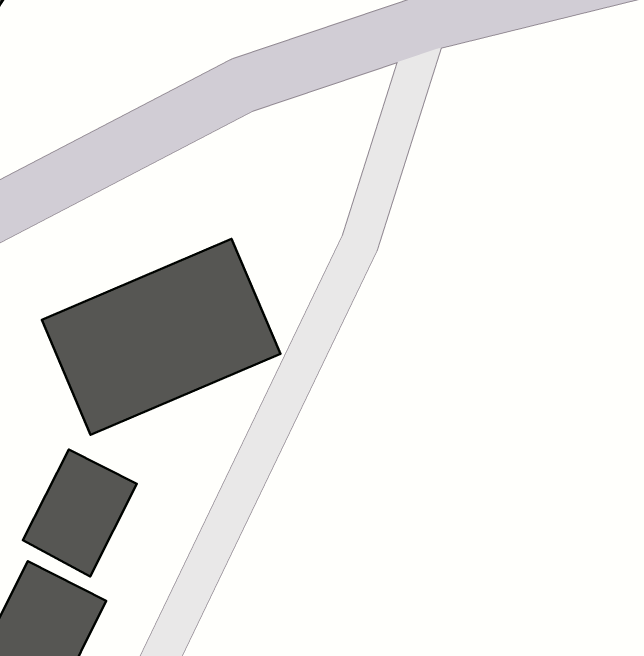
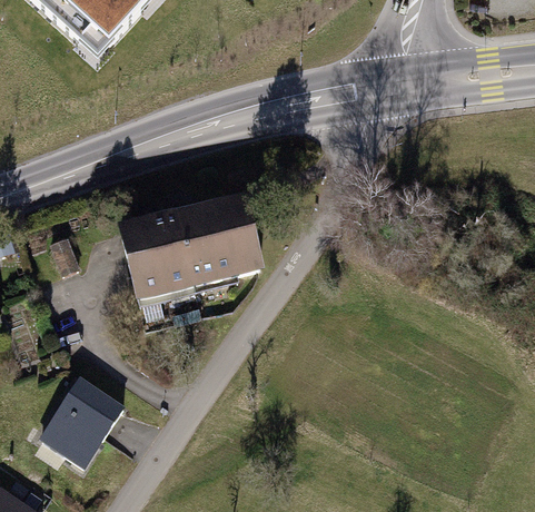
building: [23,450,137,576] -> none

